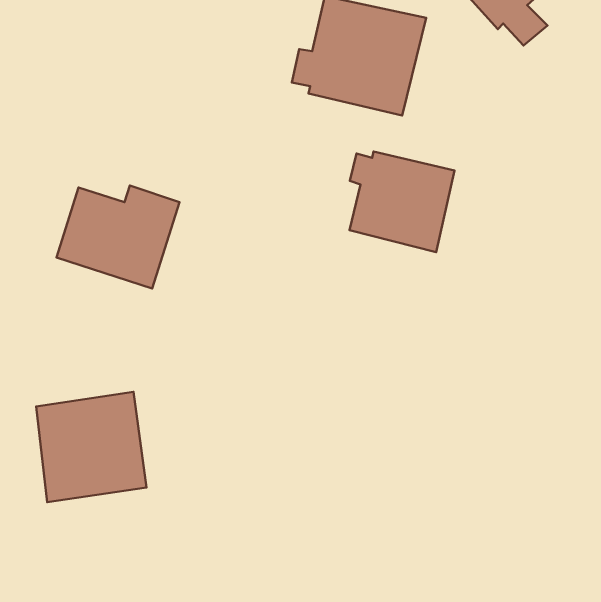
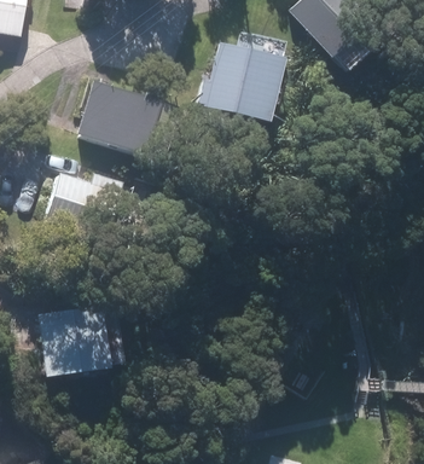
building: none -> [74,80,179,160]
building: [350,152,455,252] -> none

